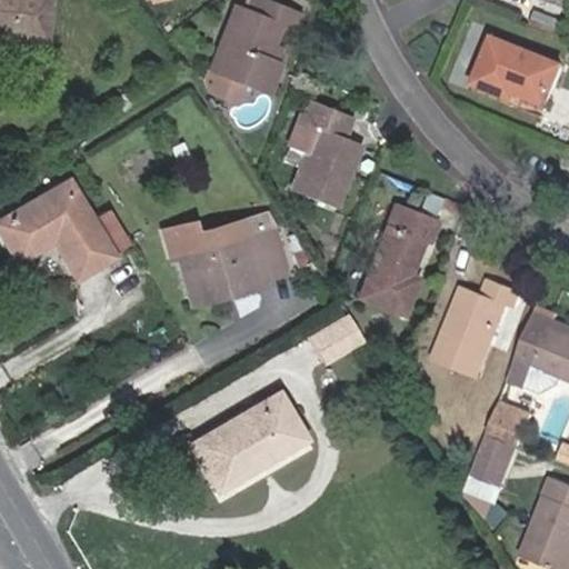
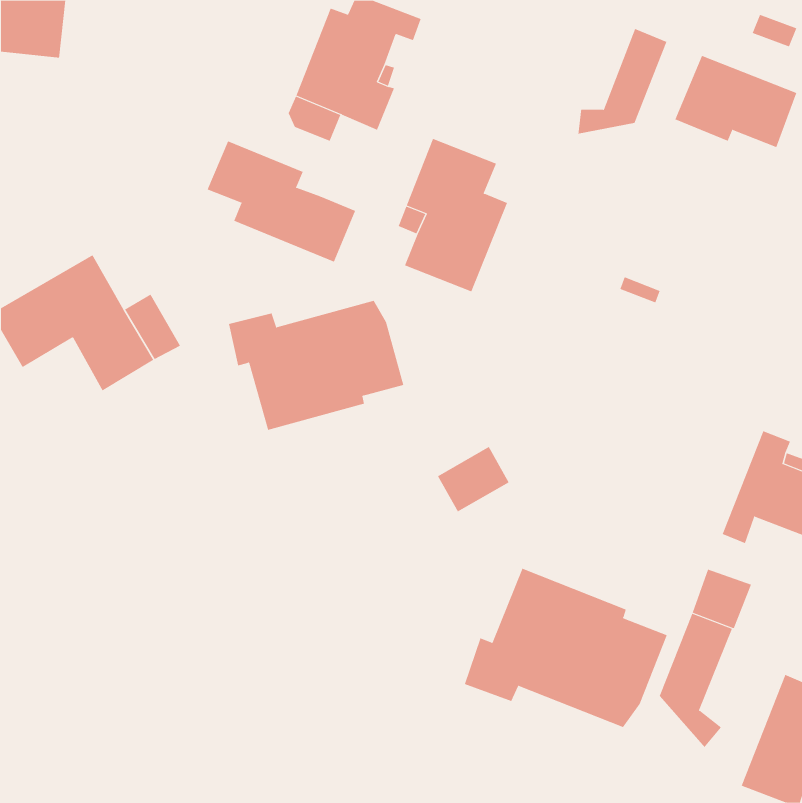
building: none -> [578,28,667,134]
building: none -> [207,140,356,262]
building: [357,202,438,316] -> none
building: [436,279,522,378] -> none
building: [189,391,303,489] -> none
building: none -> [464,568,668,728]

